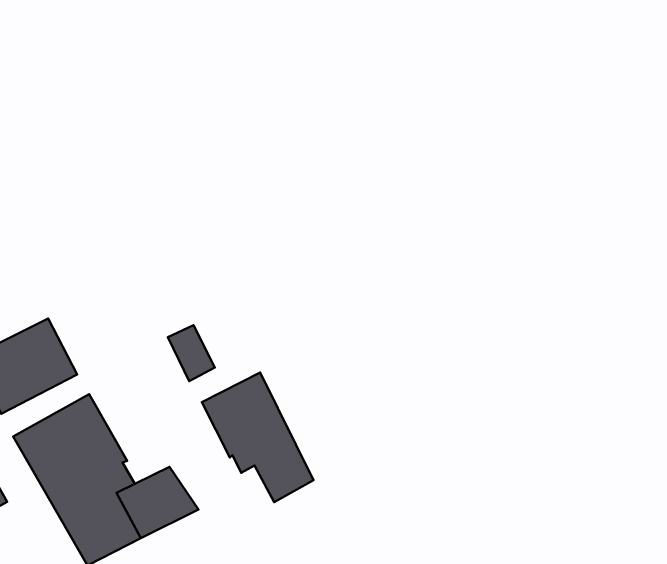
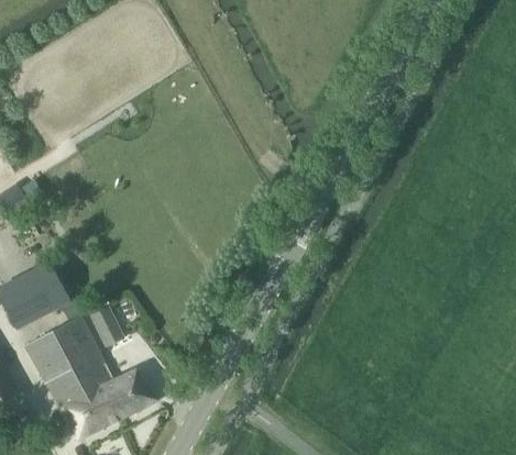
building: [168,325,215,381] -> [91,304,125,345]
building: [202,373,313,502] -> none

